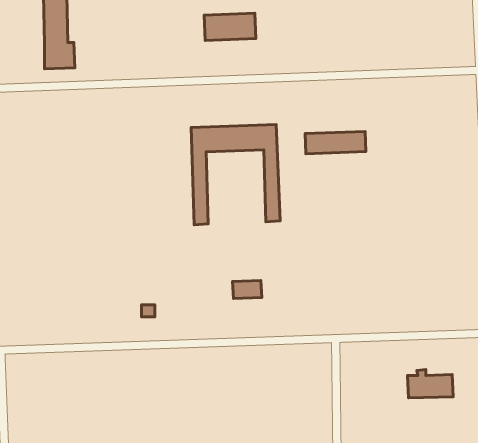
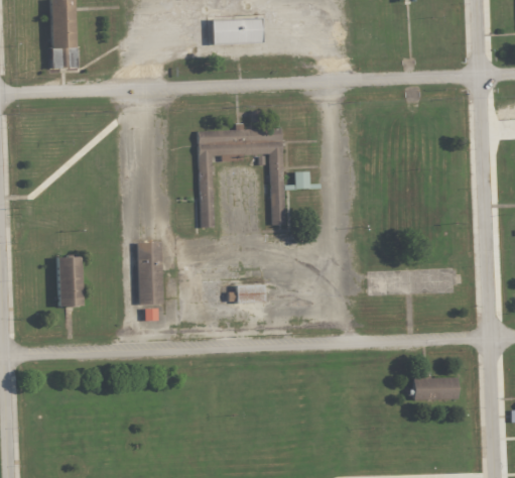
building: [305,132,366,154] -> none
building: none -> [136,241,163,304]
building: none -> [56,258,81,308]

